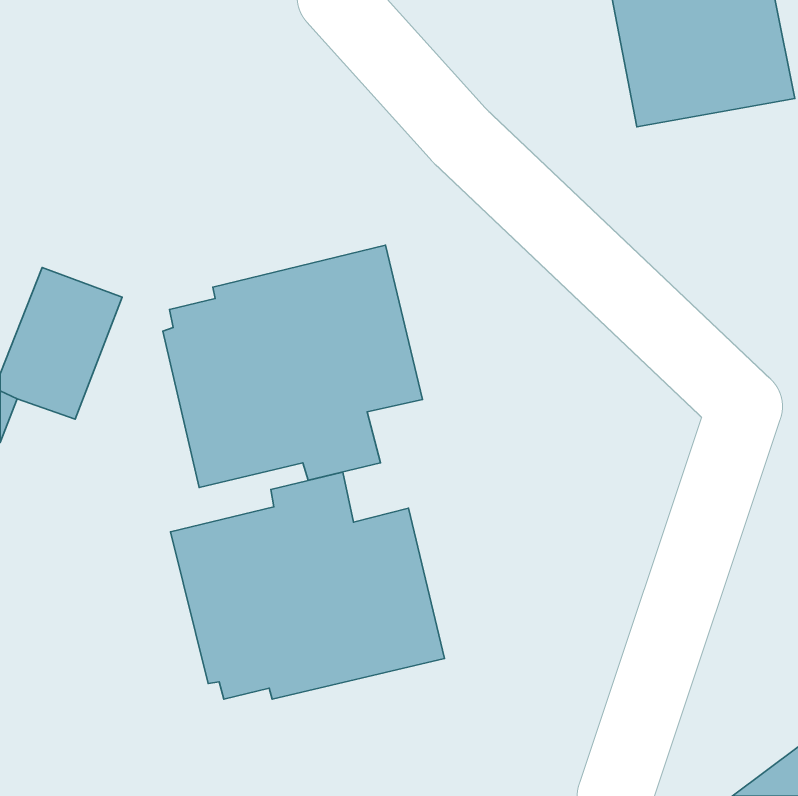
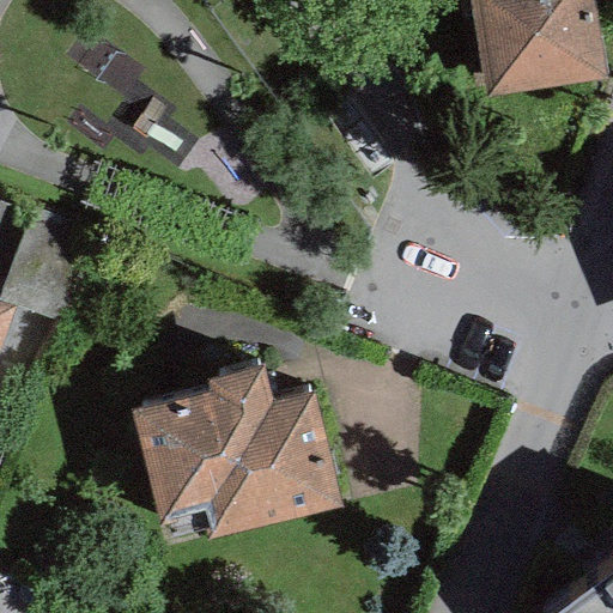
building: [163,245,423,487] -> none

